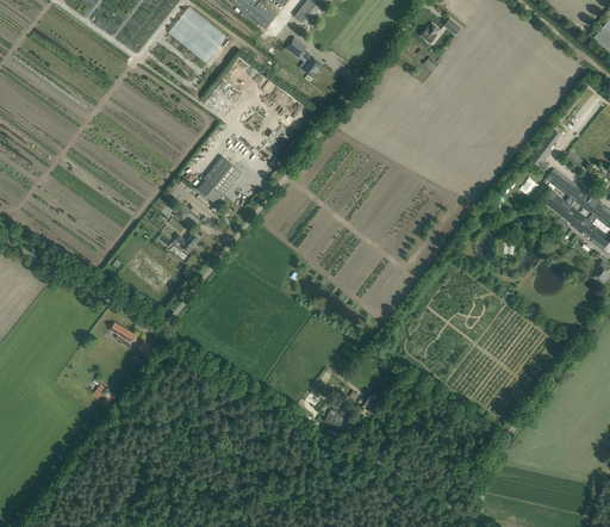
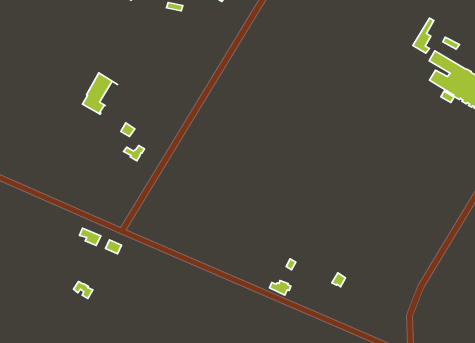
building: [198,155,242,204] -> [83,73,118,114]

